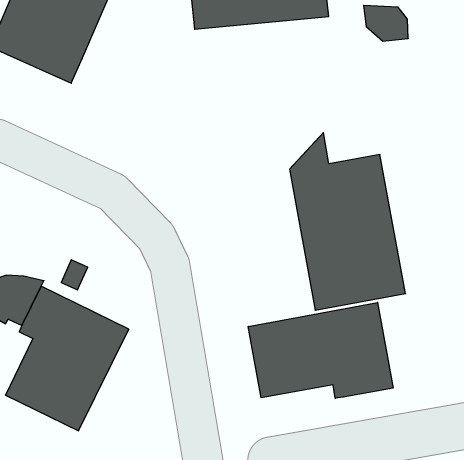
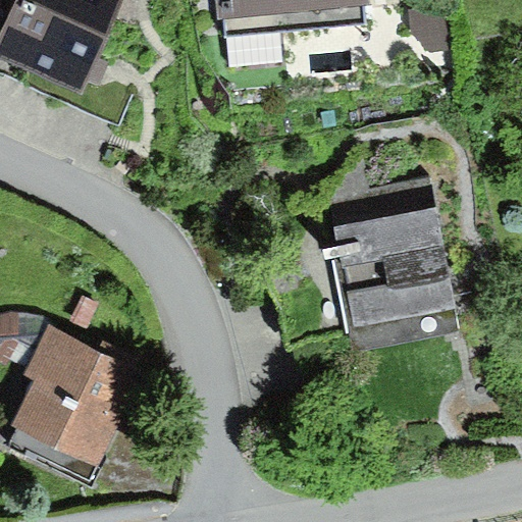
building: [248,302,393,398] -> none

